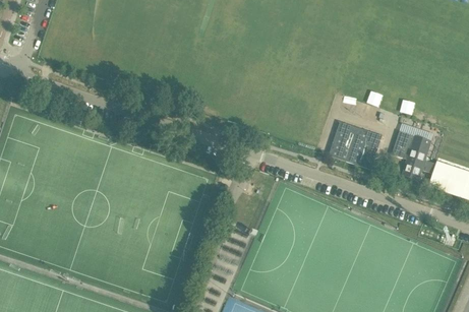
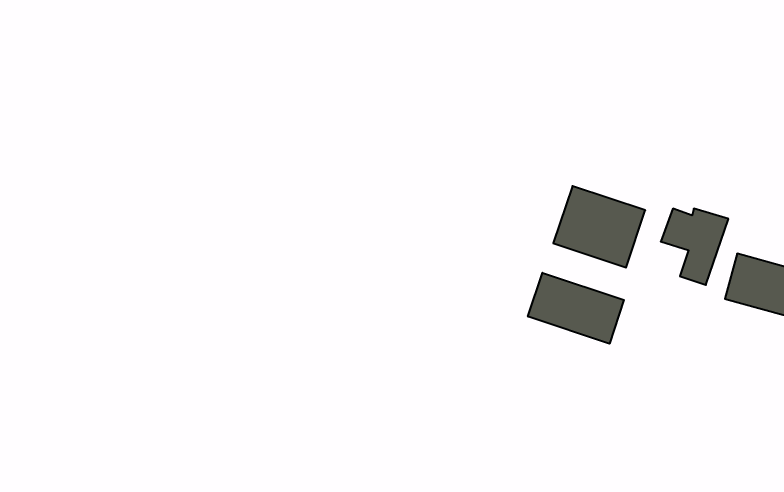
building: none -> [528,273,624,344]

